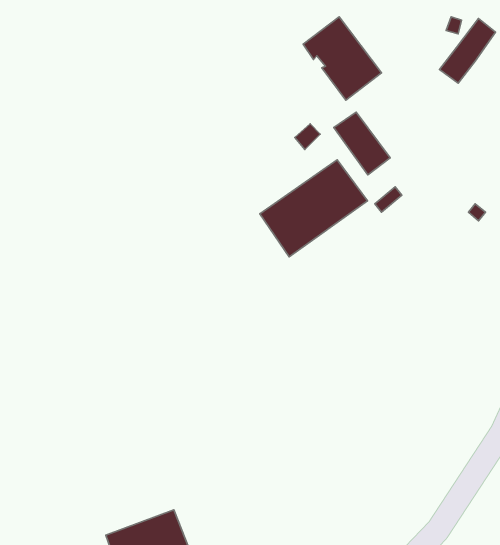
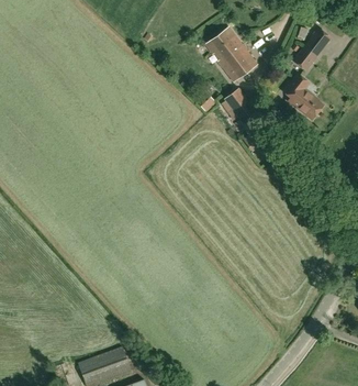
building: none -> [284,74,323,120]
building: [260,160,368,257] -> none

